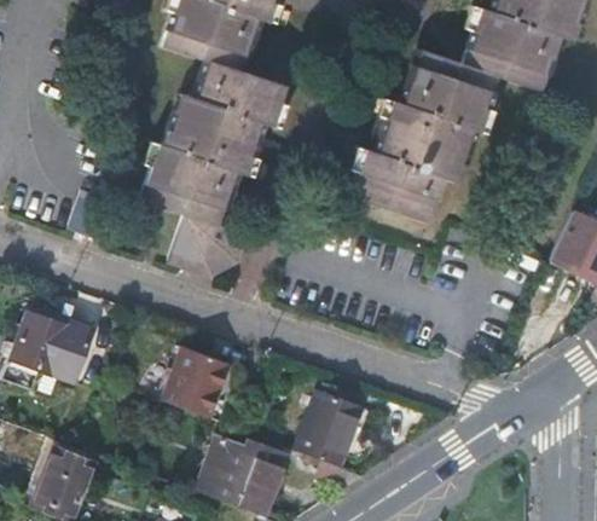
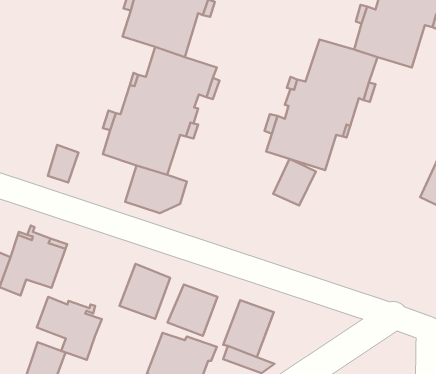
building: none -> [273,159,316,205]
building: none -> [167,285,217,336]
building: none -> [37,297,102,360]

